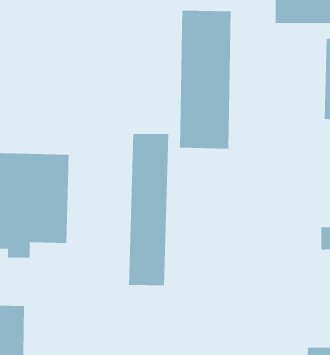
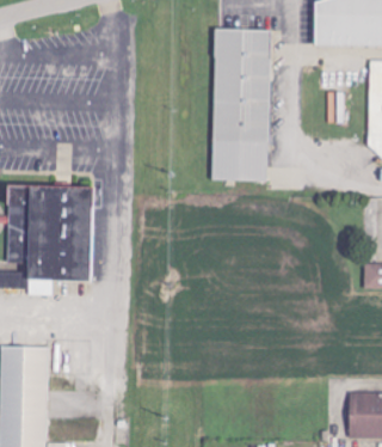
building: [128,133,169,286] -> none

